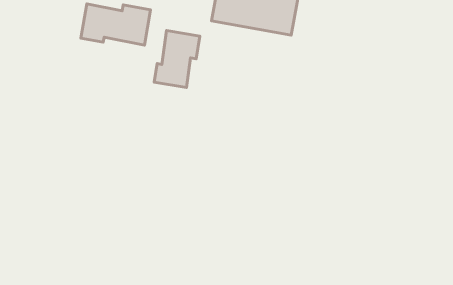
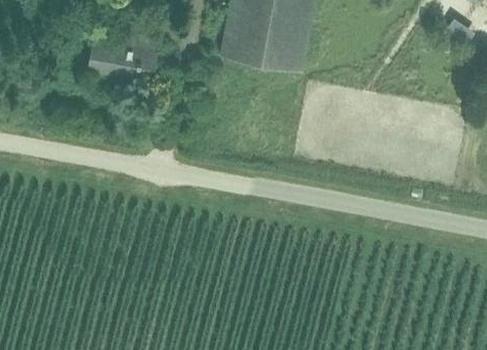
building: [154,31,200,88] -> none

